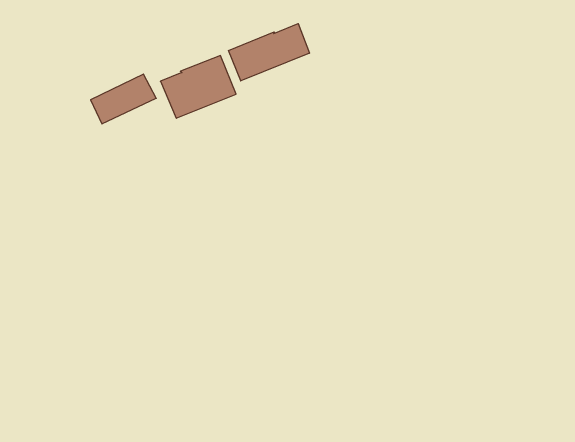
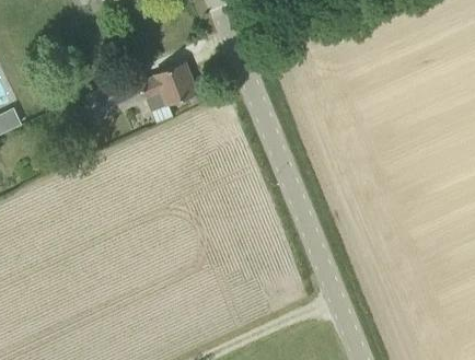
building: [229,24,309,81] -> none

